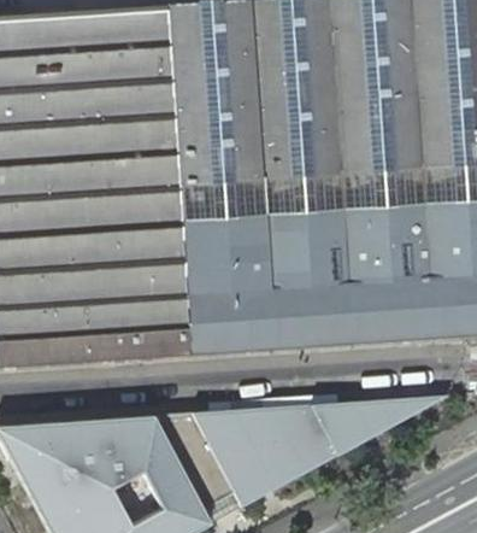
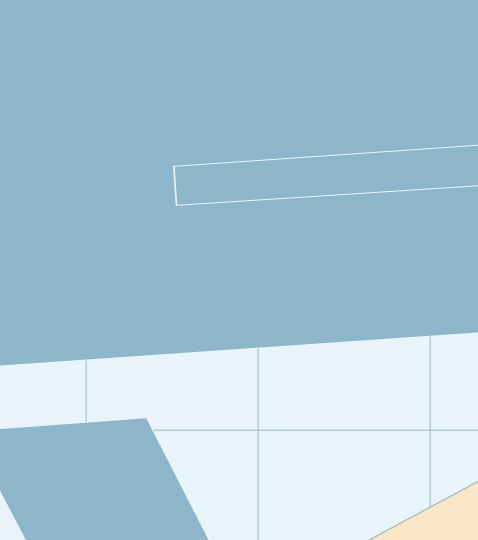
building: [195,396,449,508] -> none

